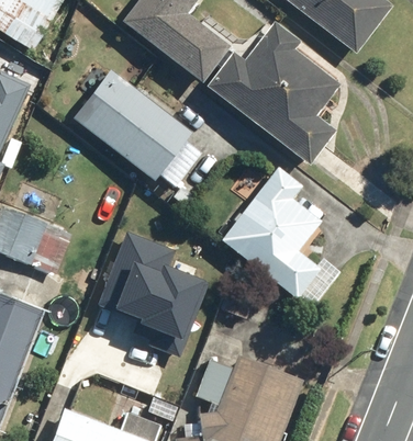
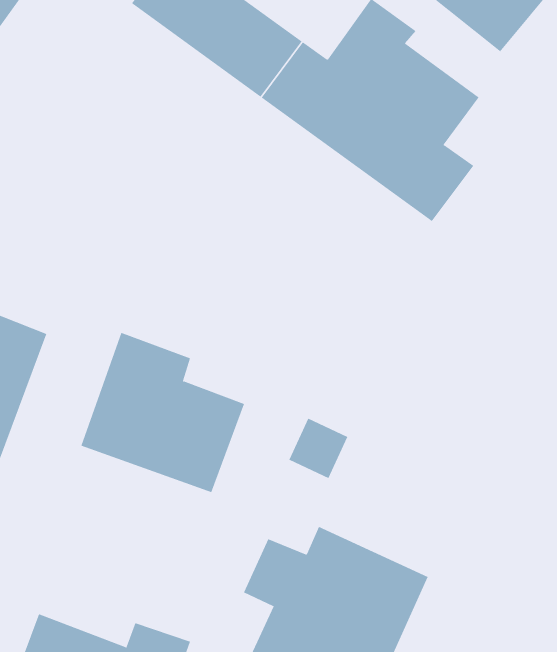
building: [72,68,201,185] -> none
building: [221,165,339,305] -> none

